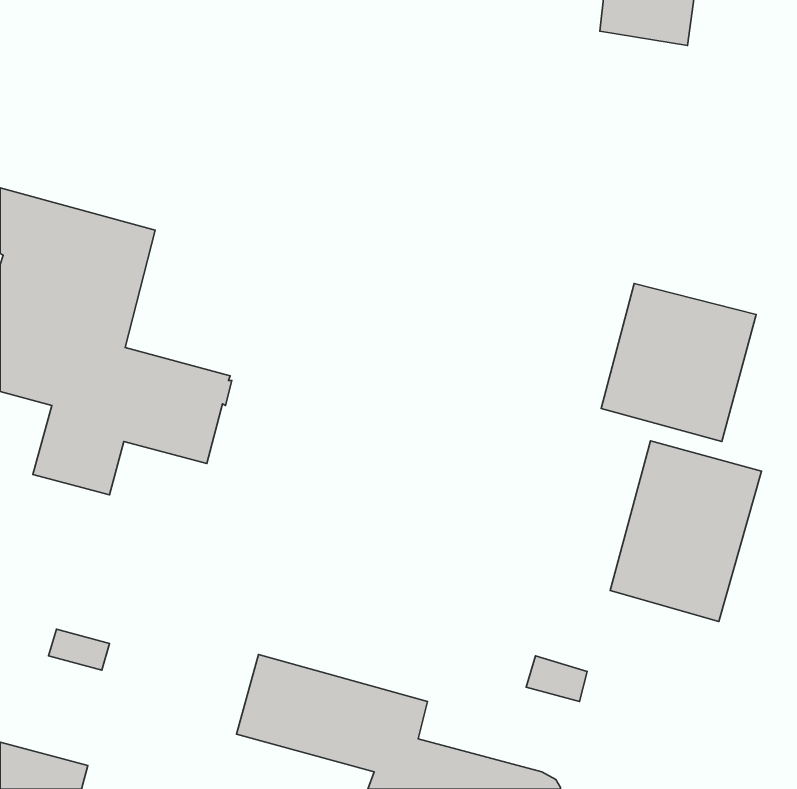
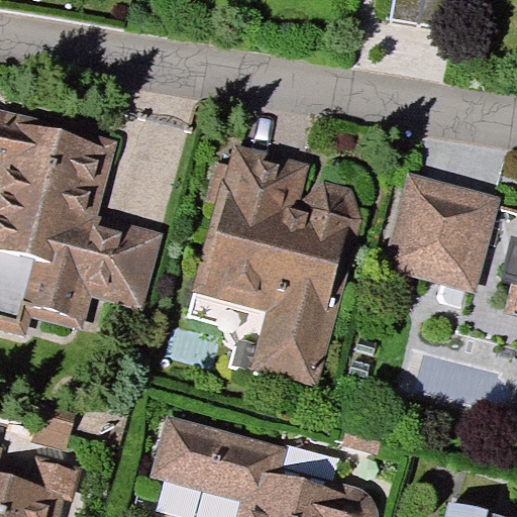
building: none -> [204,154,350,375]
building: [610,441,761,621] -> none

